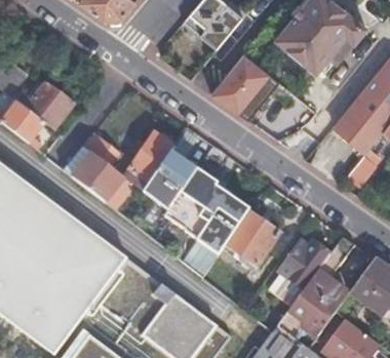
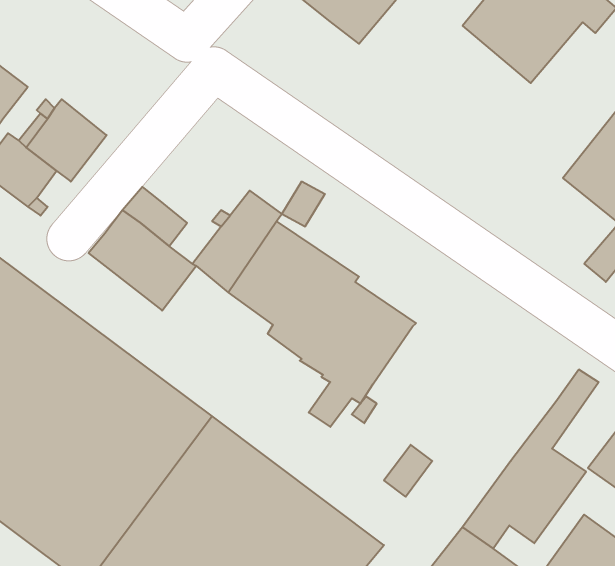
building: [211,54,281,120] -> none
building: [226,211,280,266] -> none
building: [280,241,330,288] -> none

